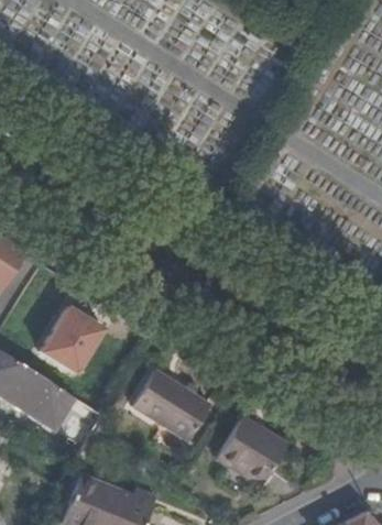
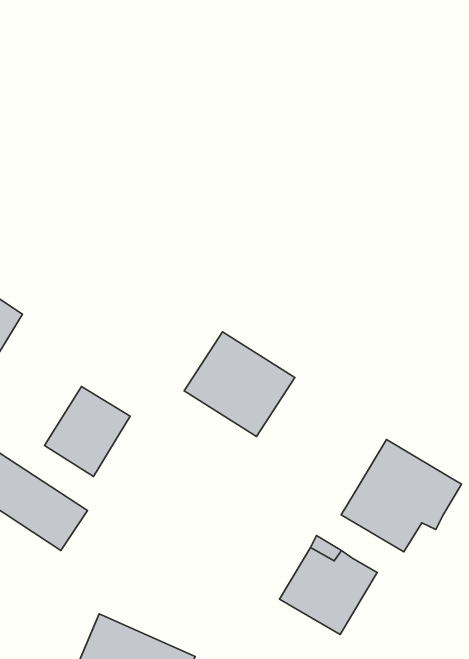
building: none -> [341,440,462,552]
building: [133,367,216,445] -> [184,332,295,437]

